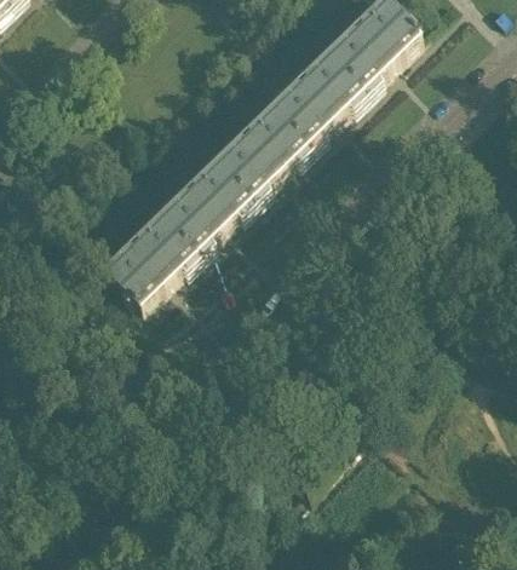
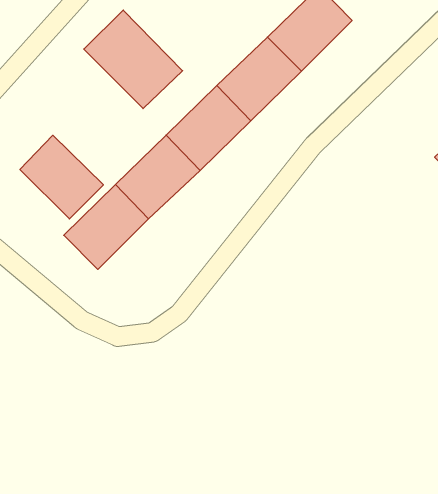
building: none -> [84,10,183,109]
building: none -> [20,135,103,219]

